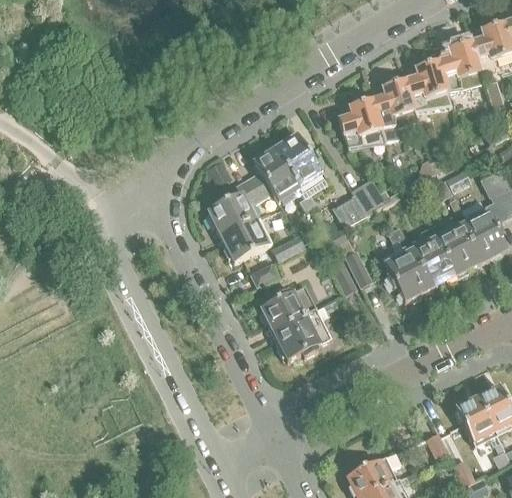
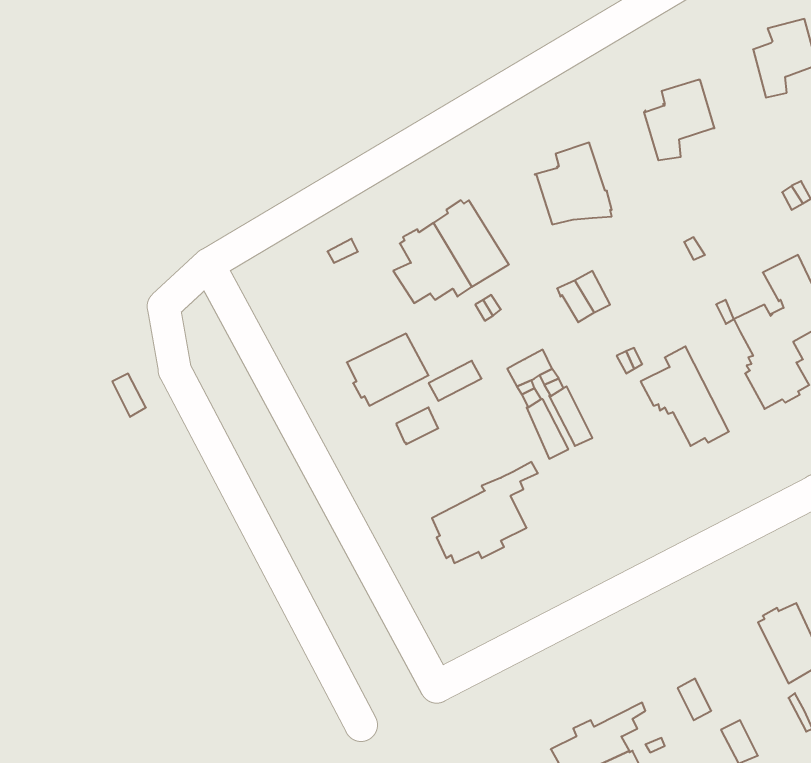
building: [440,40,485,89] -> none
building: [371,79,417,140] -> none
building: [207,178,262,235] -> none
building: [332,193,367,226] -> none
building: [431,215,480,278] -> none
building: [382,247,434,302] -> none
building: [260,286,316,332] -> none
building: [454,397,495,445] -> none

